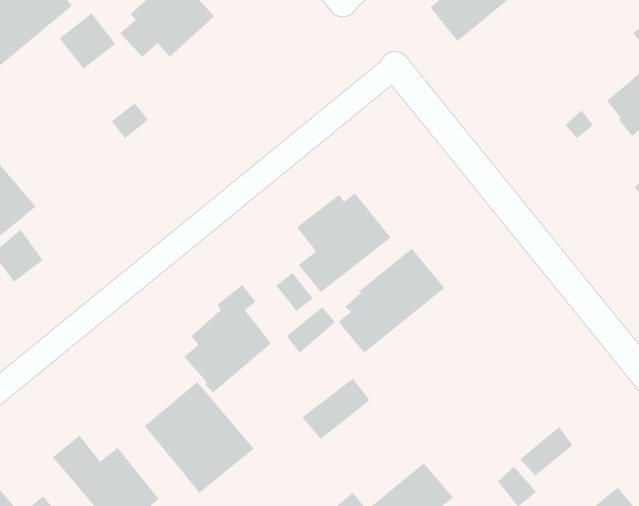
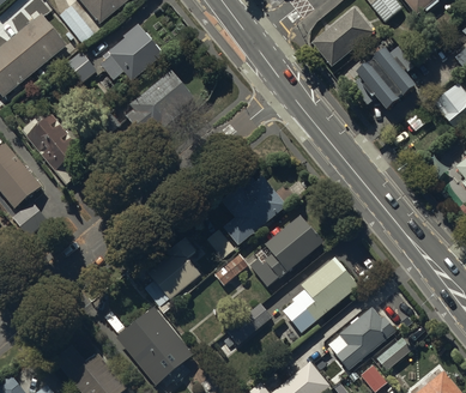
building: none -> [357,56,417,119]
building: none -> [123,69,192,137]
building: none -> [20,111,79,182]
building: none -> [283,255,358,331]
building: none -> [327,304,395,368]

